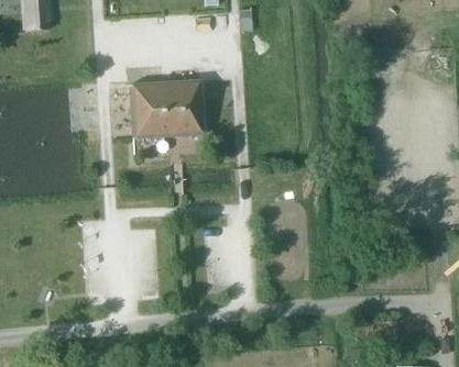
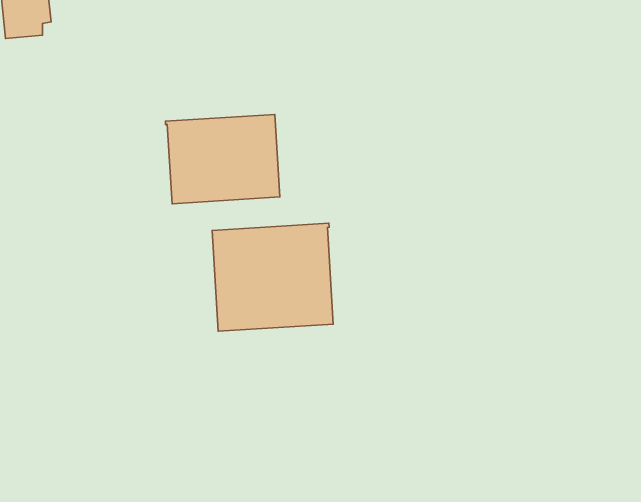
building: none -> [212,223,333,331]

